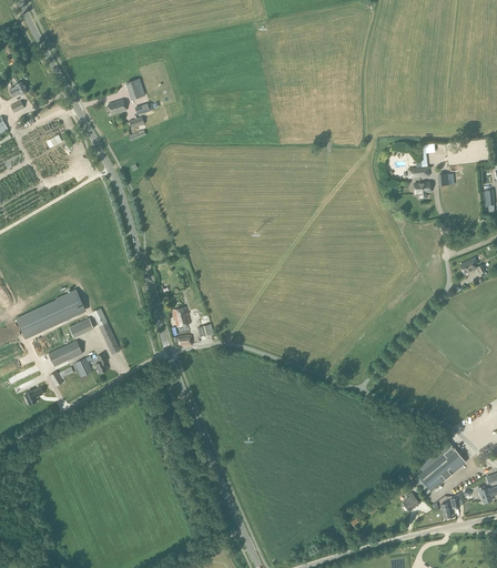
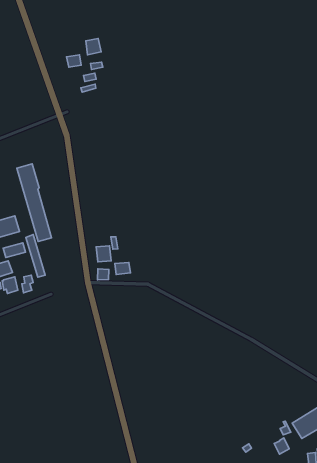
building: none -> [17,164,52,242]

